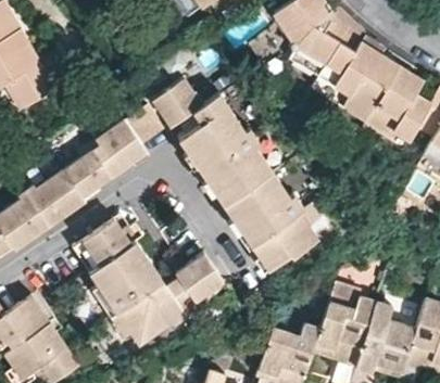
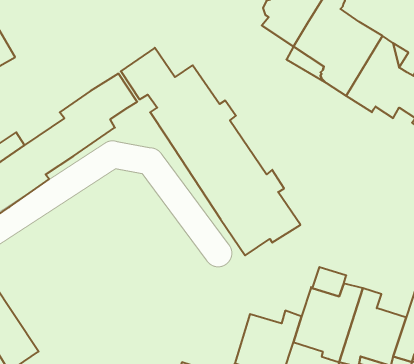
building: [75,218,225,344] -> none

